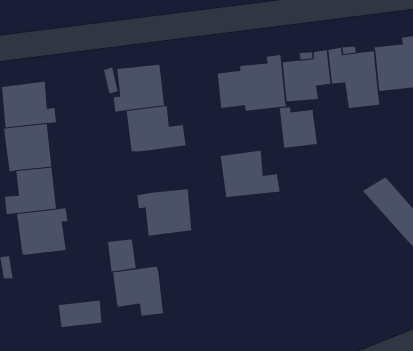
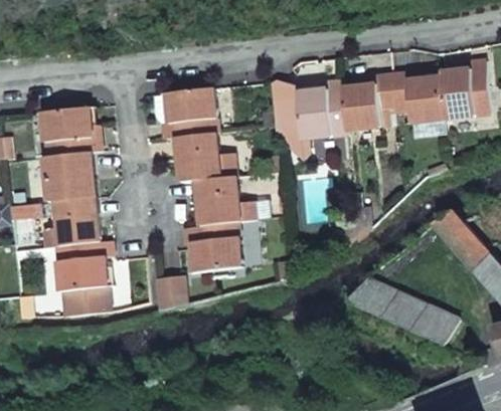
building: [279,106,317,148] -> none
building: [220,150,280,197] -> [193,175,258,225]
building: none -> [345,273,453,342]
building: [113,266,163,317] -> none
building: [58,300,102,327] -> [64,286,112,316]

